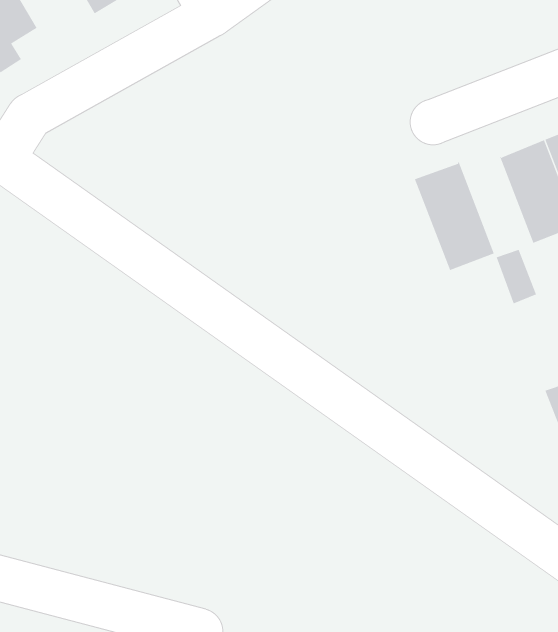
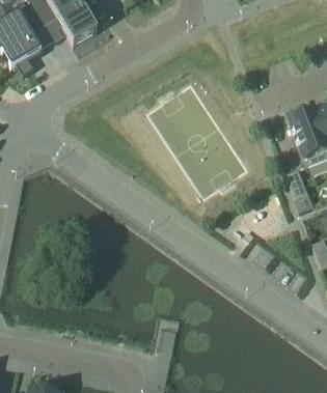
building: [414,162,495,271] -> none

